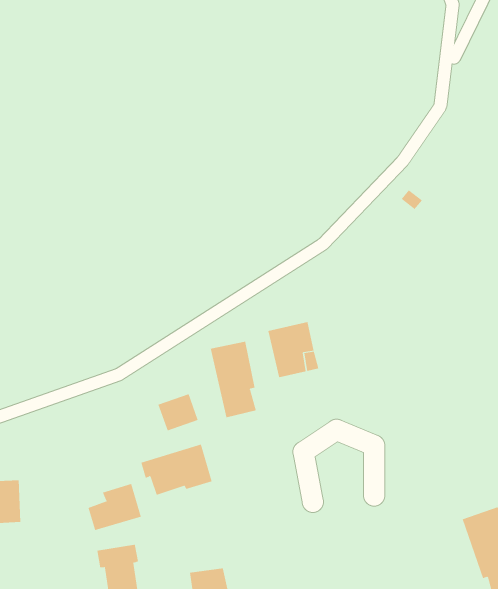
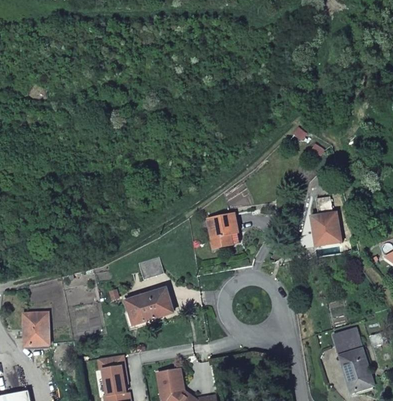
building: none -> [310,197,340,246]
building: [210,341,256,418] -> none
building: [88,483,142,531] -> none

